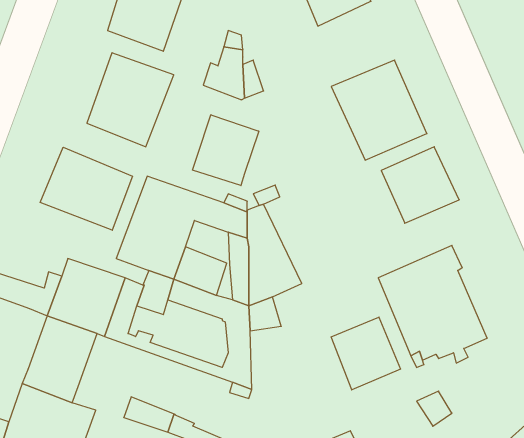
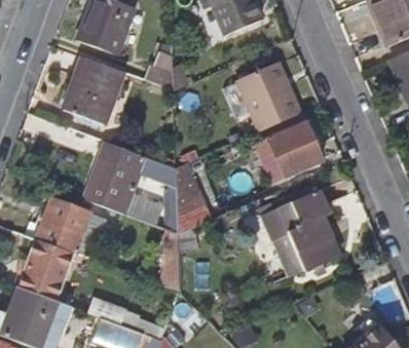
building: [192,115,259,186] -> none
building: [40,147,132,230] -> none
building: [331,317,401,390] -> none

